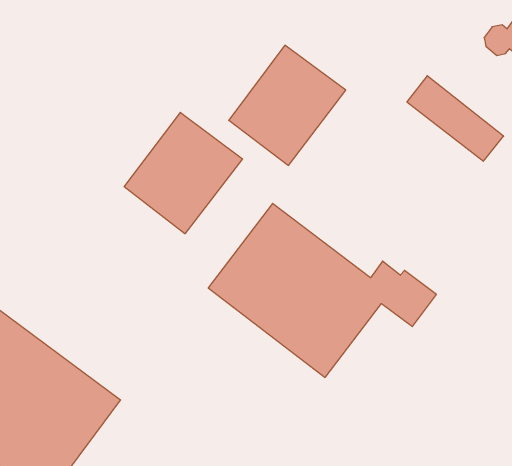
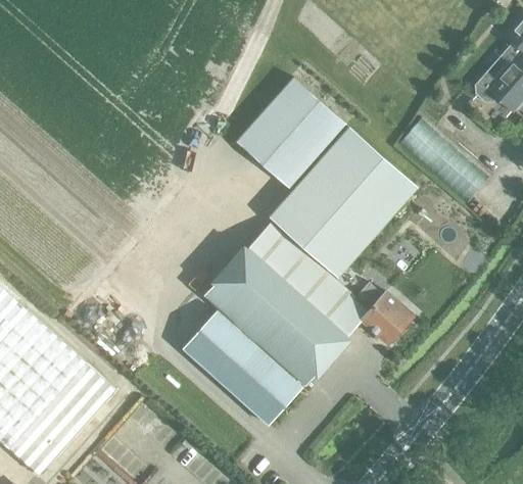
building: none -> [269,126,417,277]
building: [124,112,243,234] -> none
building: none -> [182,308,303,425]

